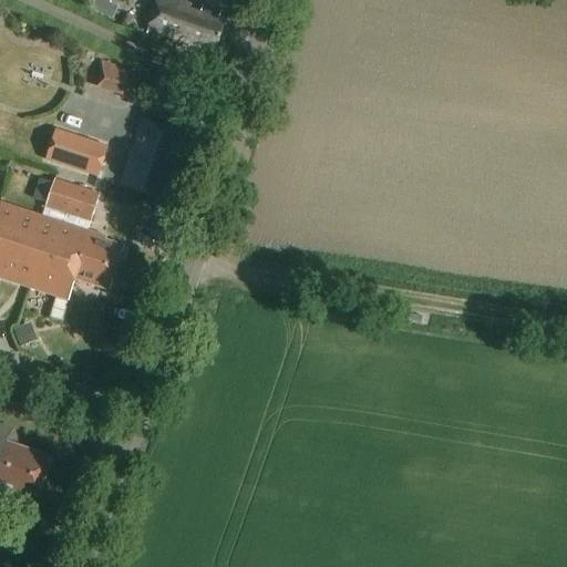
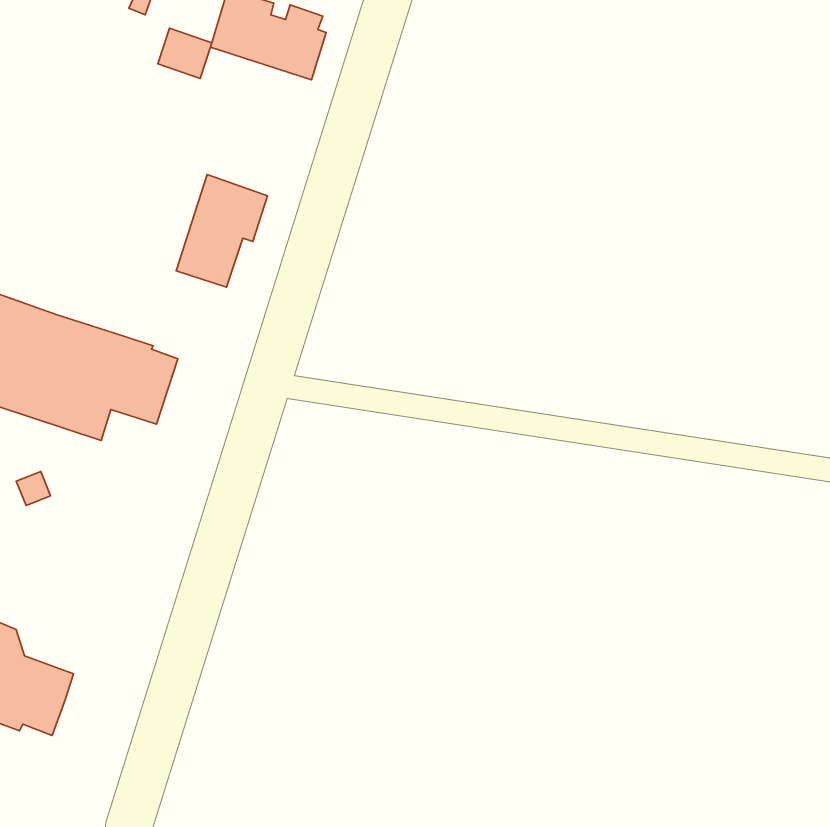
building: [91,58,127,92] -> [158,28,212,79]
building: [44,126,106,173] -> none
building: [39,178,96,228] -> none

